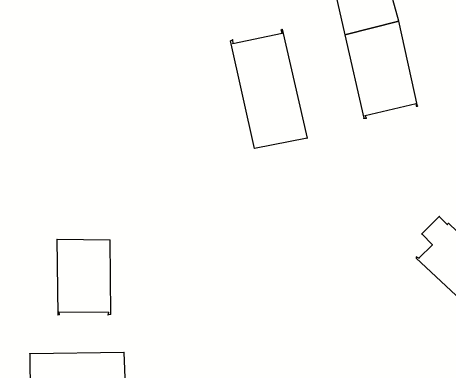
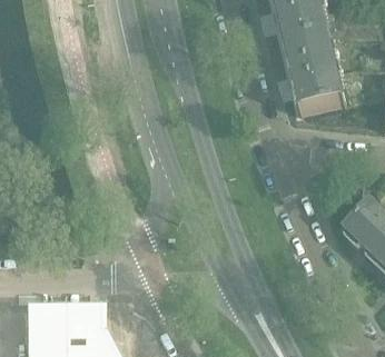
building: [230,29,307,148] -> none
building: [57,239,111,315] -> none

